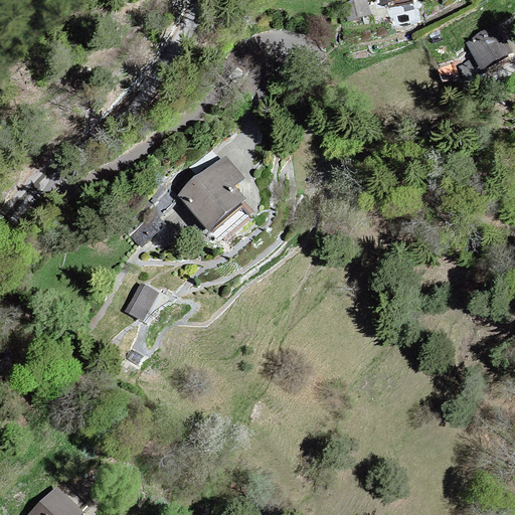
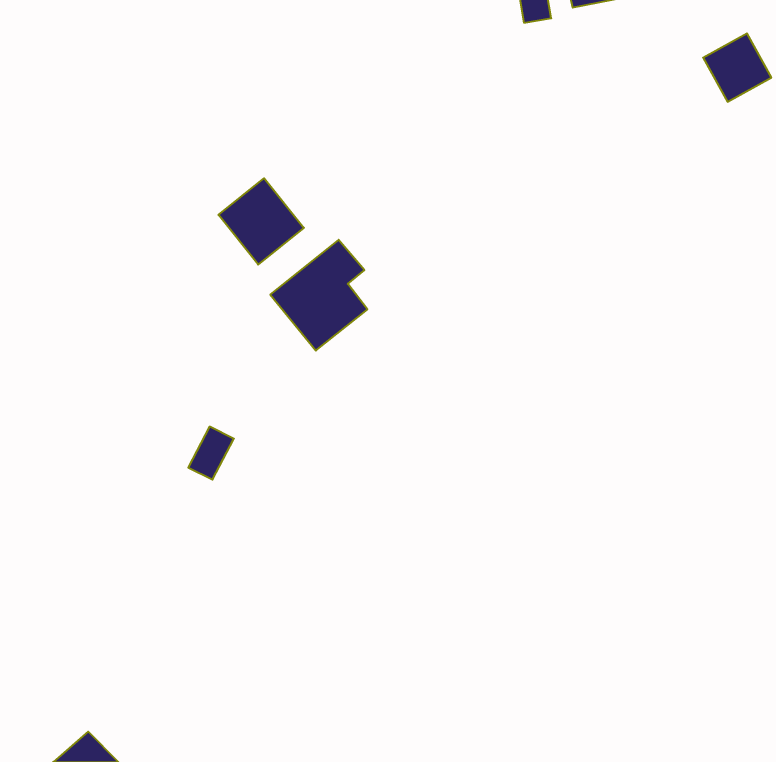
building: none -> [218,178,304,265]

